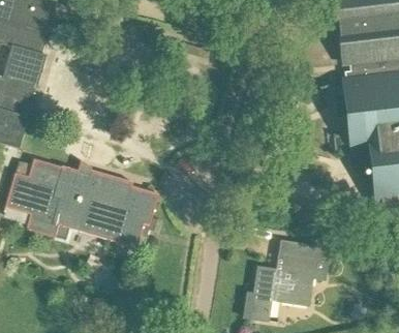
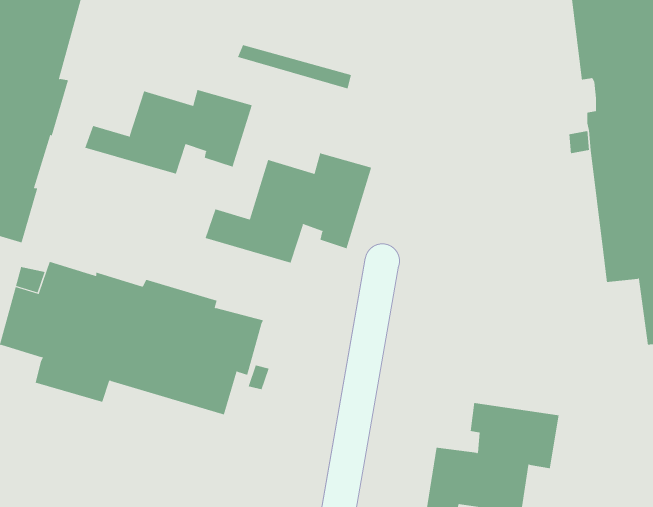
building: none -> [84,89,252,175]
building: none -> [205,153,372,264]

